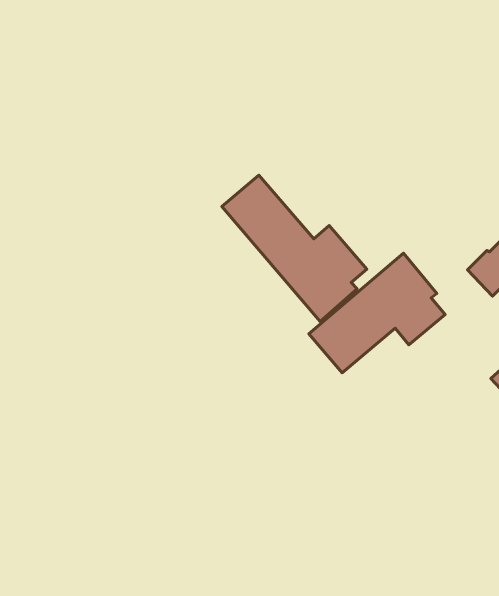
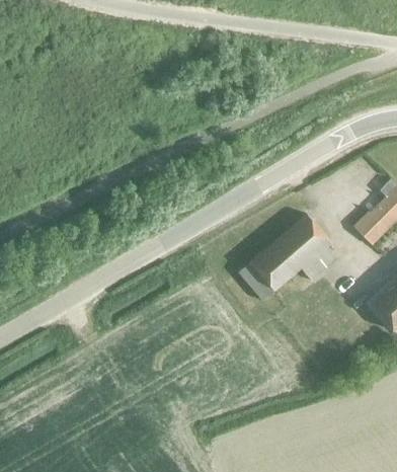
building: [222,175,367,322] -> none

